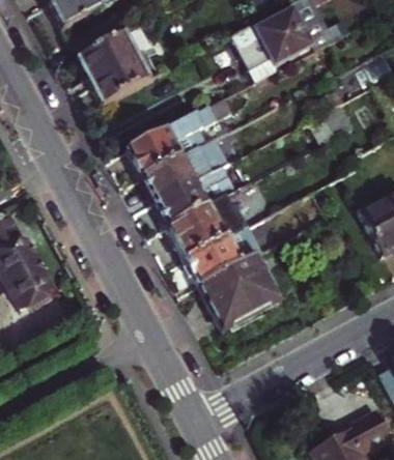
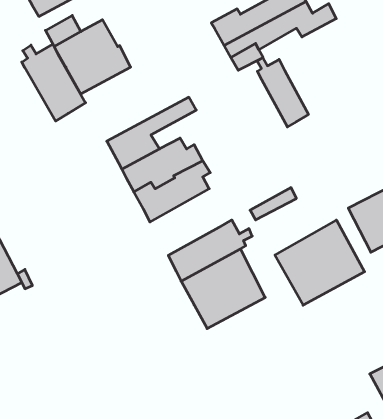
building: none -> [22,44,86,121]
building: none -> [257,57,308,127]
building: [169,183,249,258] -> none
building: none -> [275,220,365,305]

